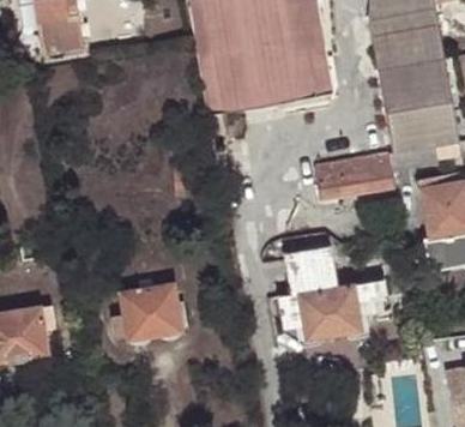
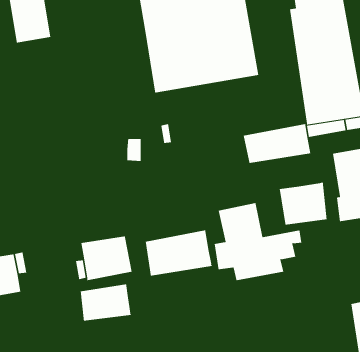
building: none -> [279,182,327,225]
building: none -> [145,230,212,276]
building: none -> [80,284,132,322]

